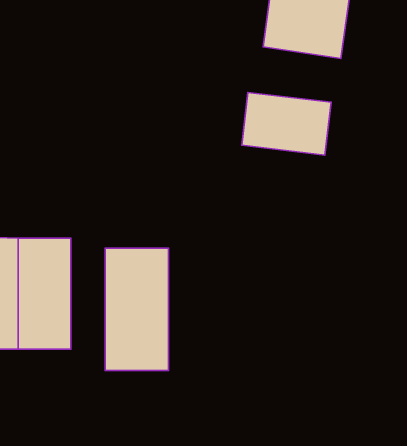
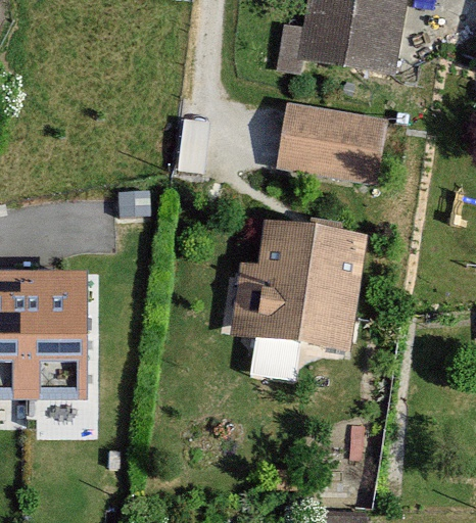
building: none -> [252,224,364,345]
building: [105,248,169,371] -> none

